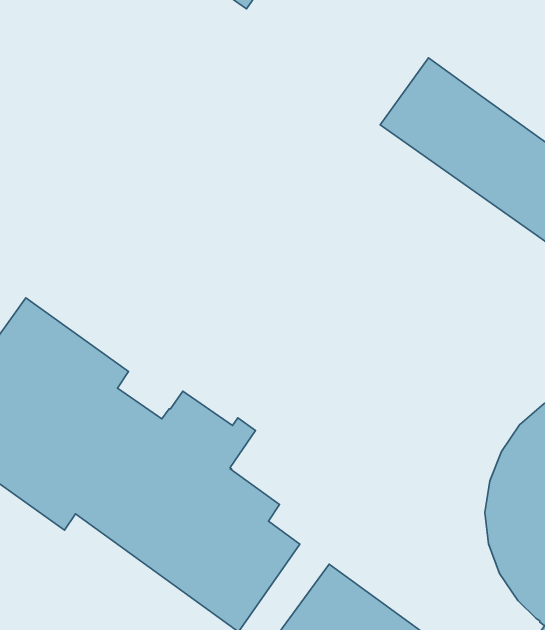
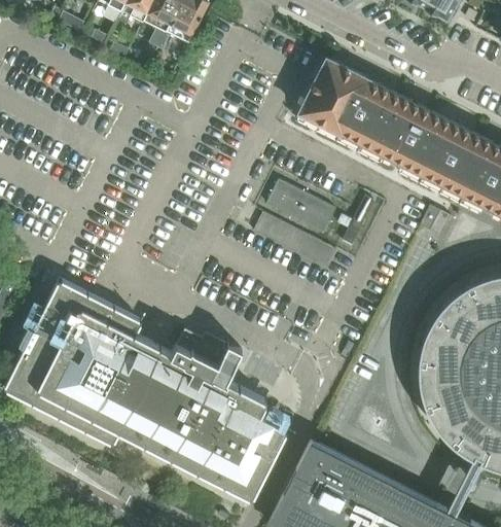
building: none -> [266,180,336,235]
building: none -> [254,213,337,271]

